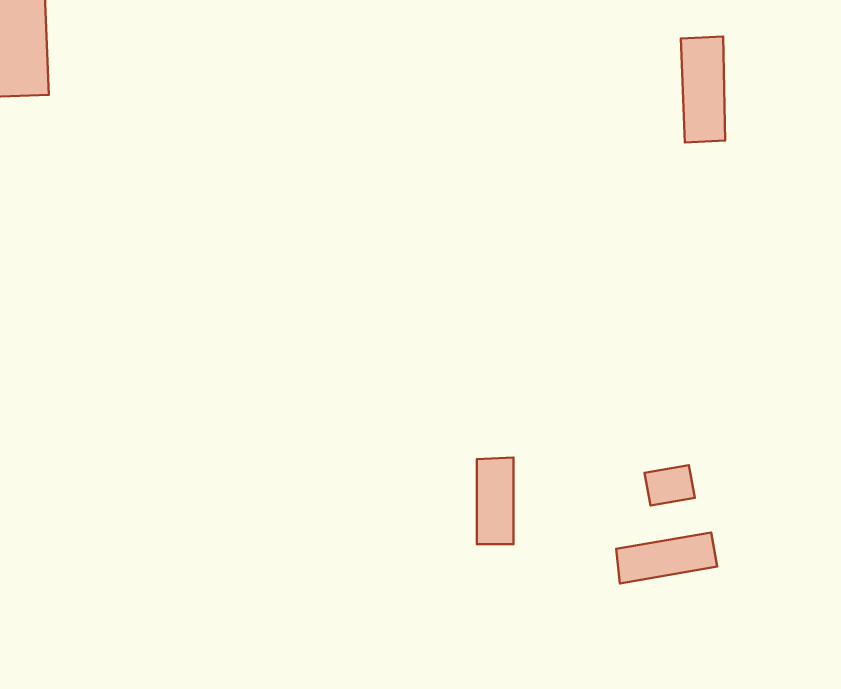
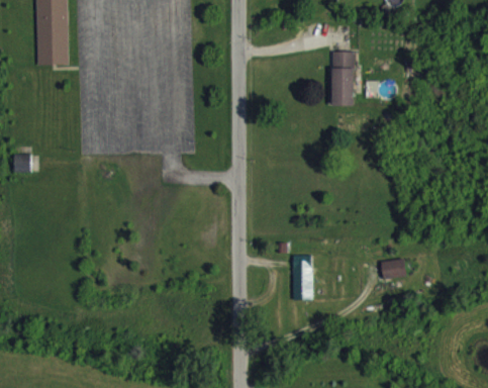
building: [681,36,725,143] -> [331,52,355,107]
building: [616,532,717,583] -> none

